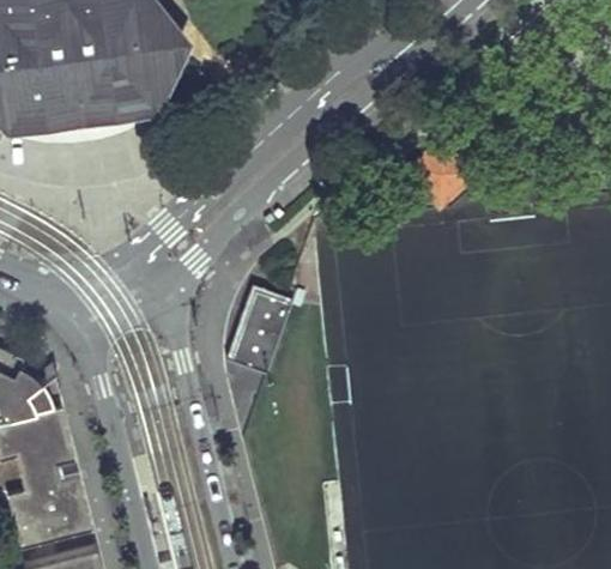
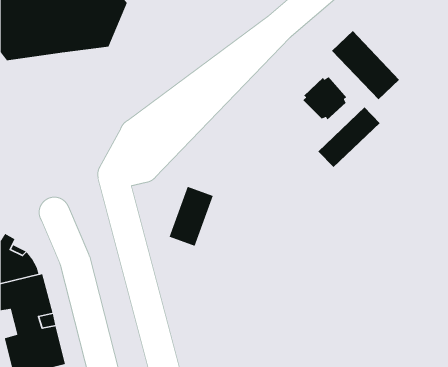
building: none -> [331,30,400,100]
building: none -> [318,107,381,168]

